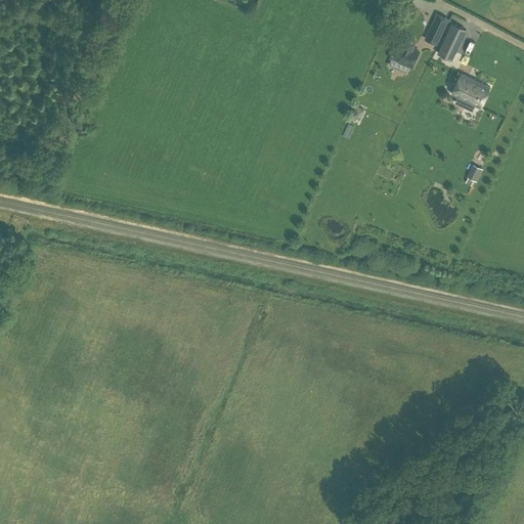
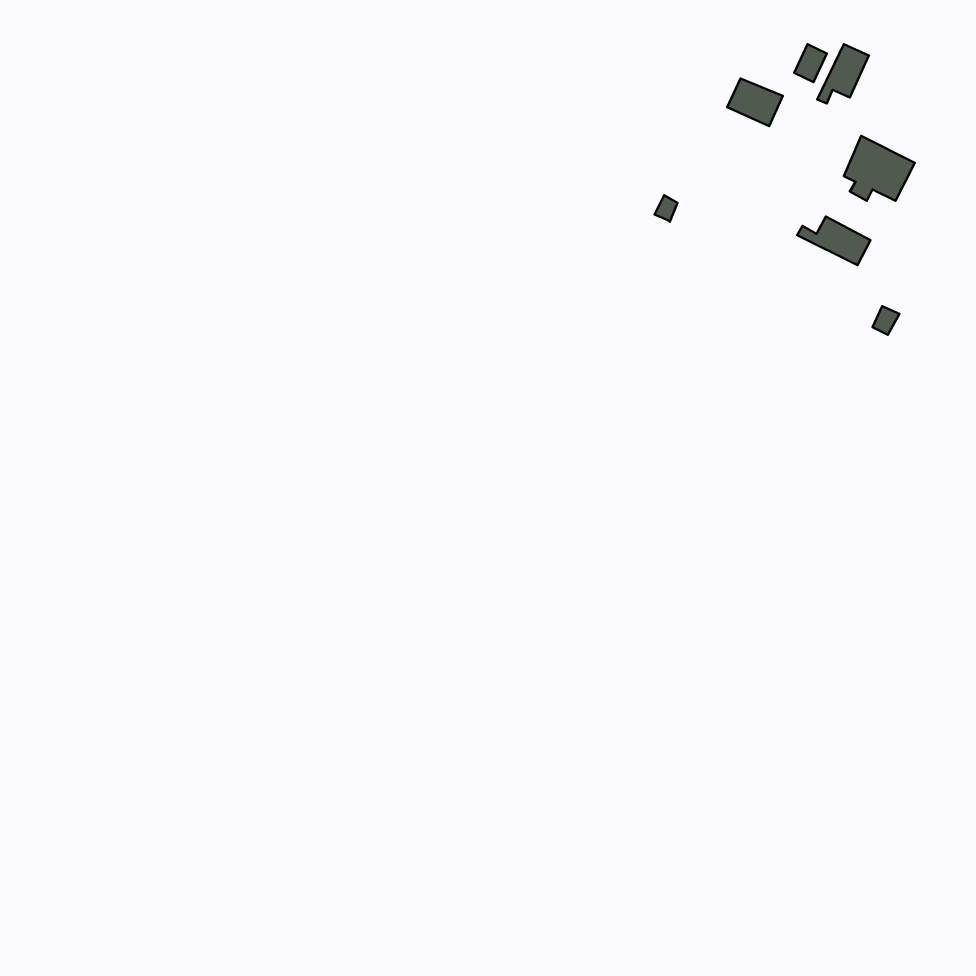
building: none -> [797,216,871,265]

